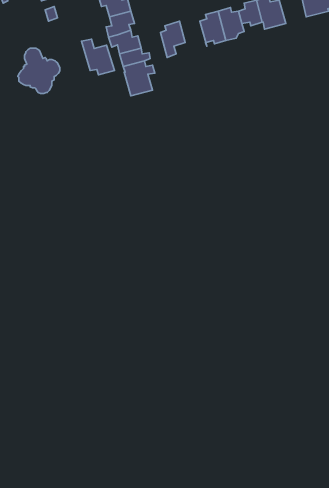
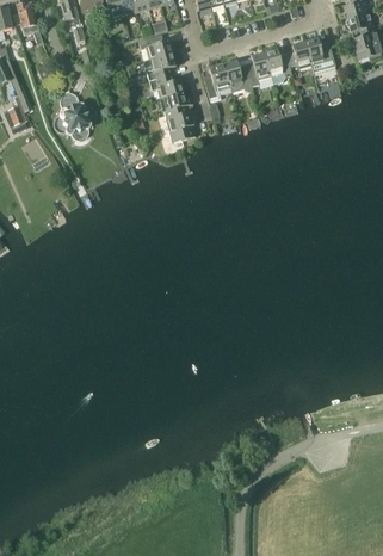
building: none -> [223,58,252,91]
building: [81,39,114,75] -> none

